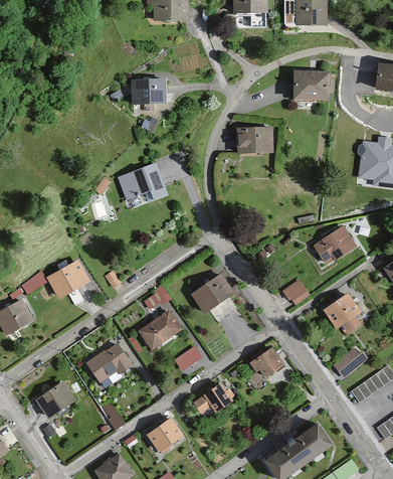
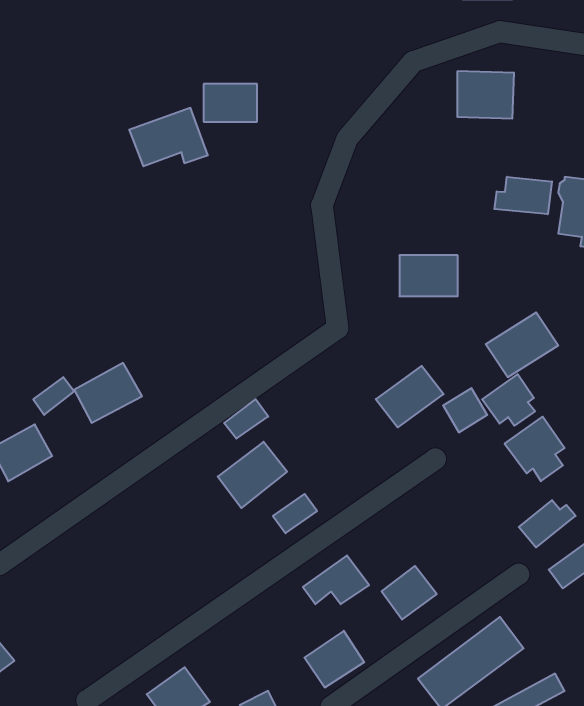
building: [236,129,273,155] -> [399,255,458,296]
building: none -> [494,177,552,214]
building: [117,164,167,201] -> [129,108,208,166]
building: none -> [482,374,535,426]
building: [191,273,234,312] -> [376,366,444,427]
building: [88,340,131,381] -> none
building: [251,346,286,380] -> [382,566,437,620]
building: [37,380,75,418] -> none
building: [147,417,185,453] -> [304,631,364,687]

